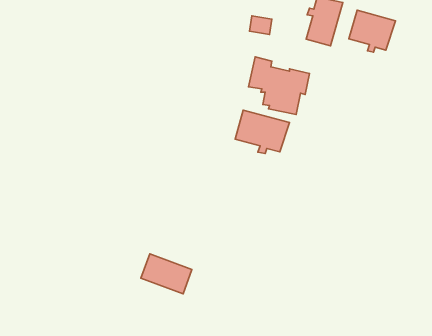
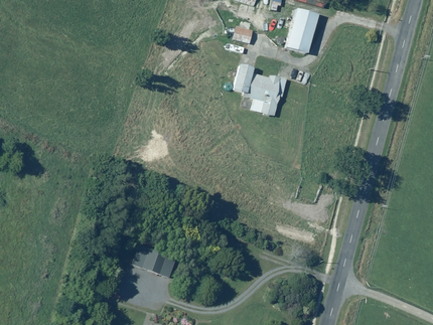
building: [349,10,396,52] -> none
building: [235,110,289,154] -> none

